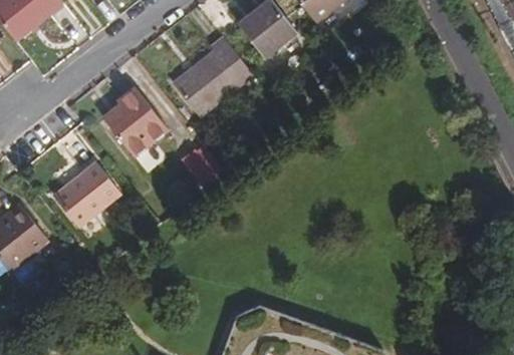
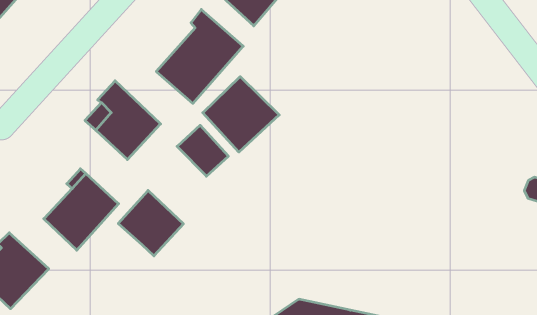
building: none -> [203,77,279,152]
building: none -> [118,190,183,256]

